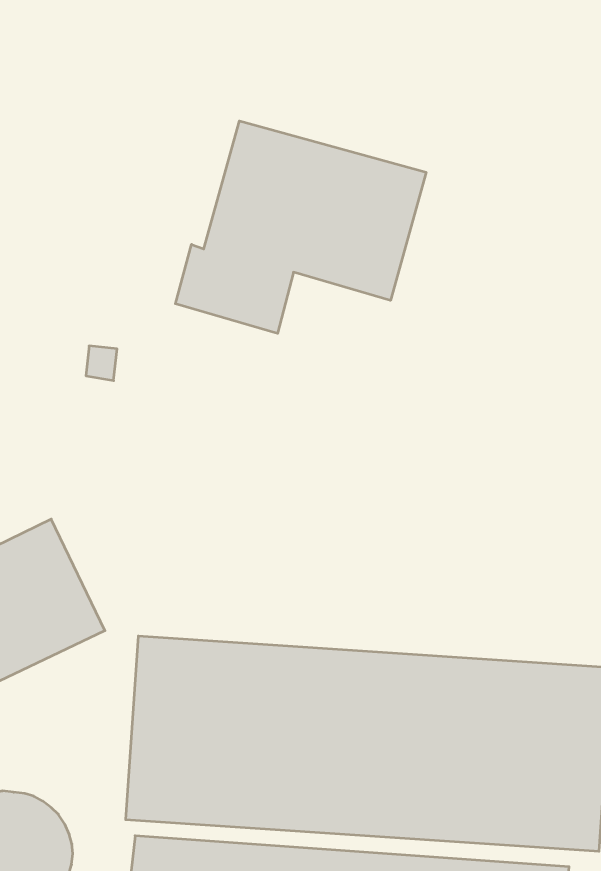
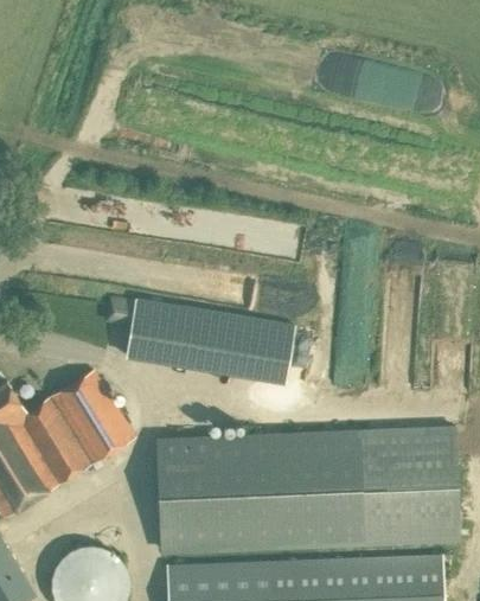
building: [175,121,426,333] -> none
building: none -> [126,299,297,385]

